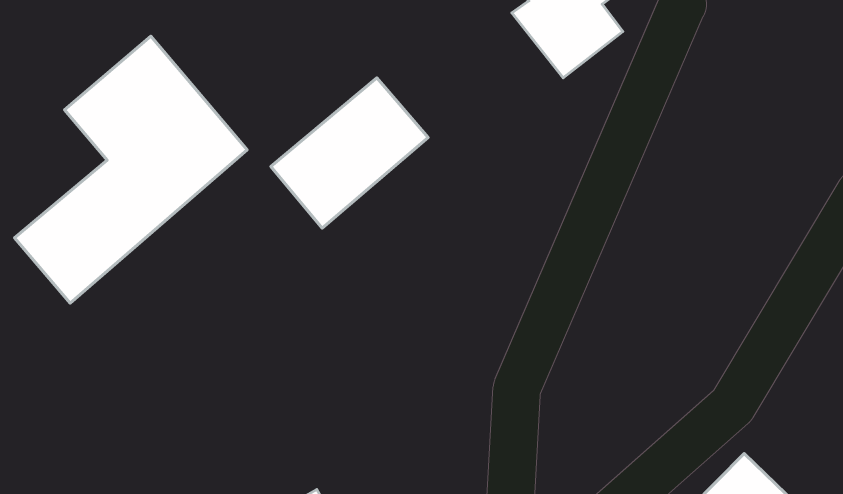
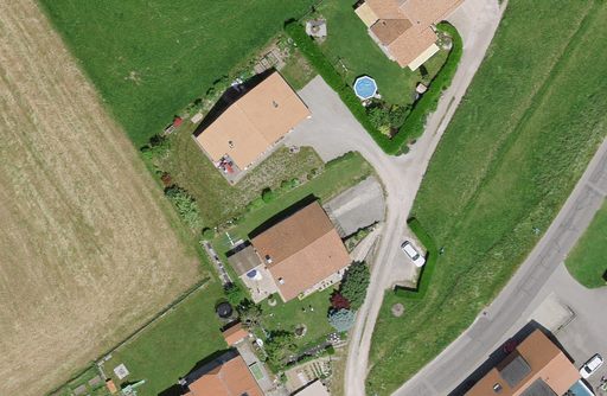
building: [14,36,247,303] -> none
building: none -> [248,203,349,300]

